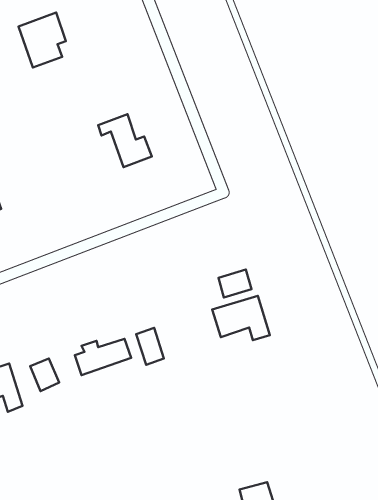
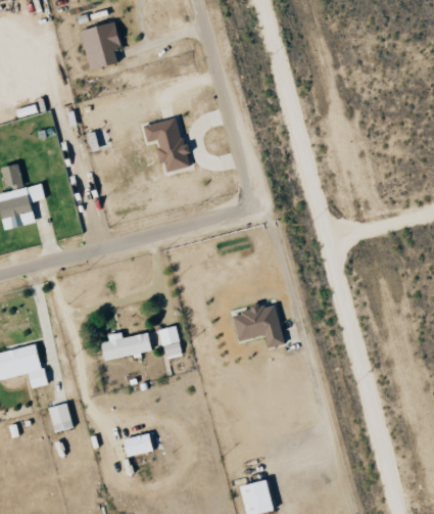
building: [219,270,251,297] -> none
building: [30,359,59,391] -> [47,403,73,432]
building: none -> [123,434,151,455]

